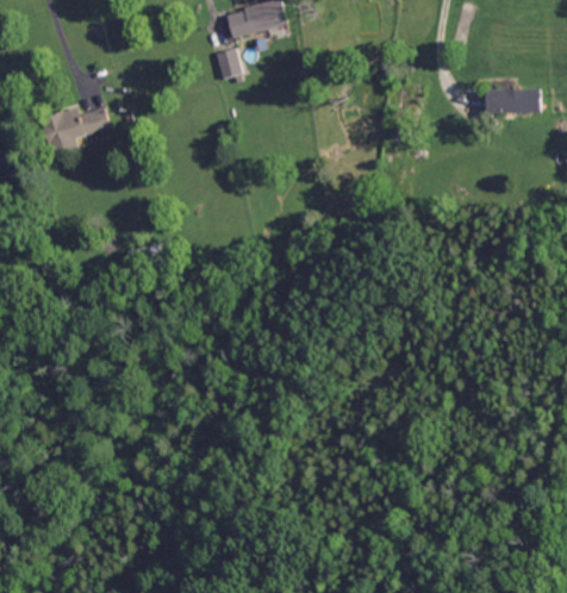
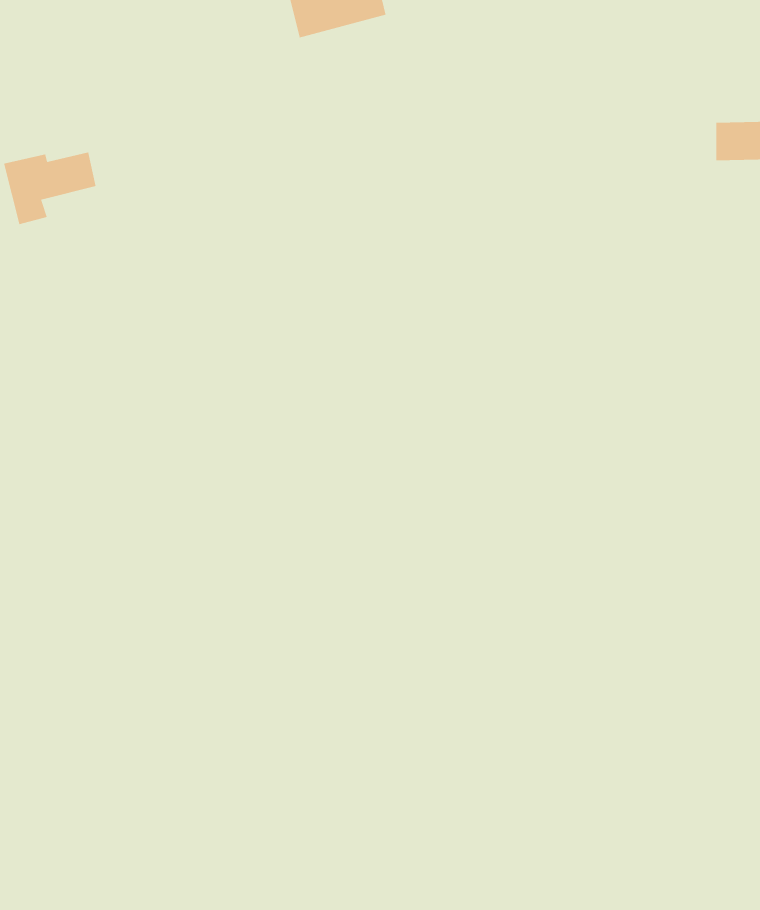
building: [213,49,237,77] -> none

